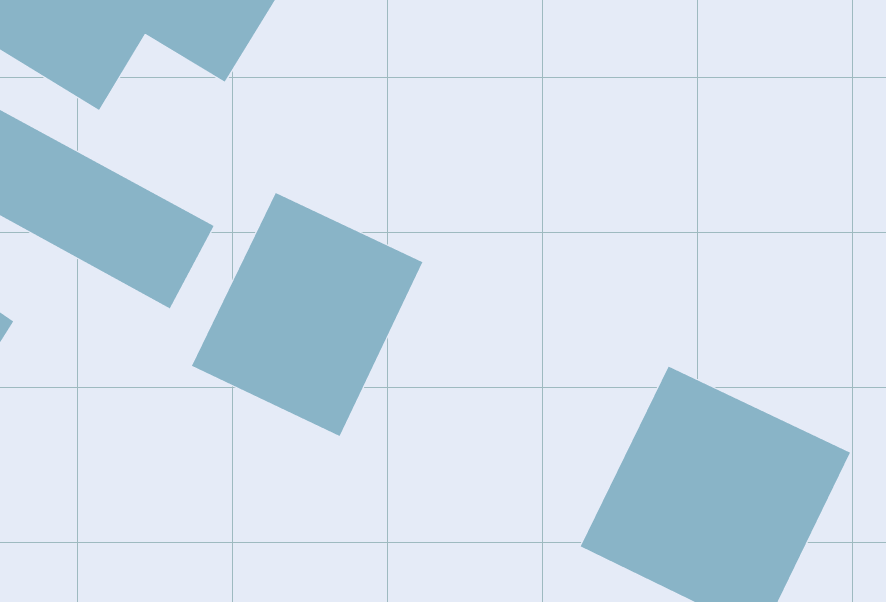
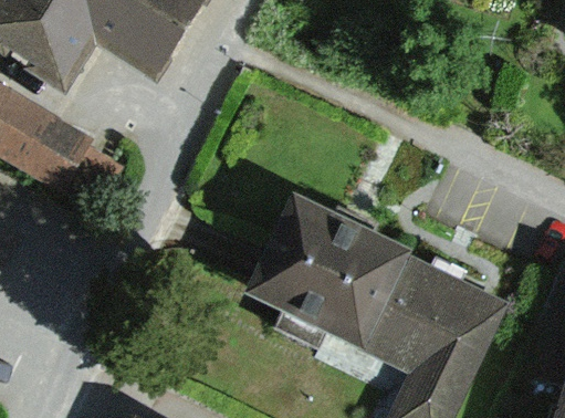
building: [191,192,423,437] -> none
building: none -> [249,199,418,367]

